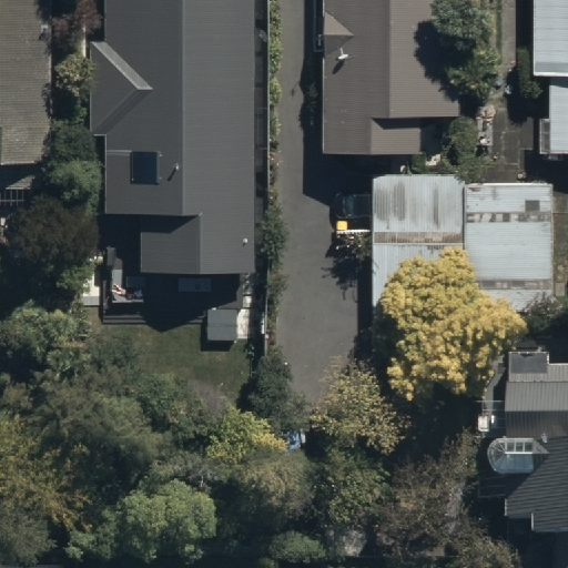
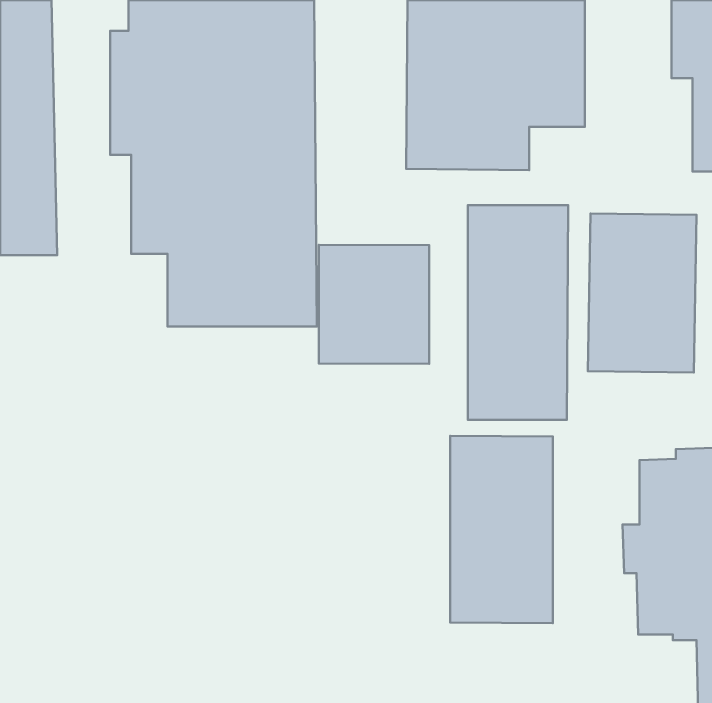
building: none -> [319,245,429,364]
building: none -> [450,436,553,623]

